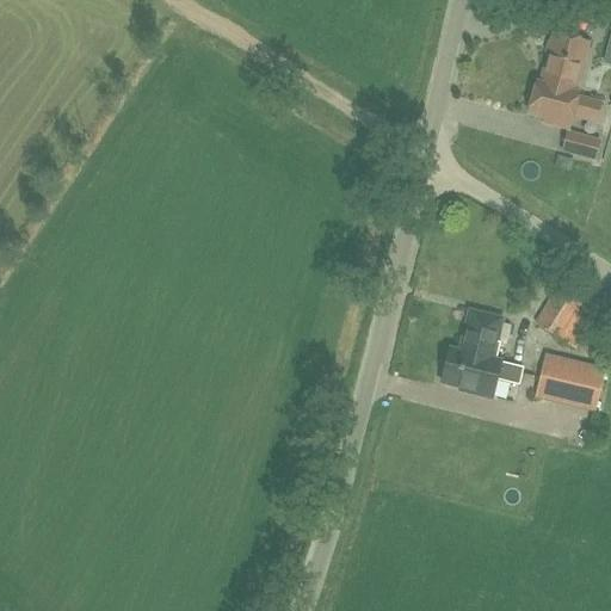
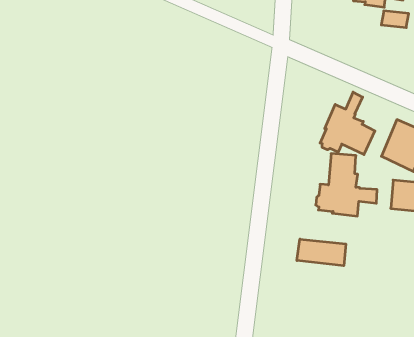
building: none -> [320,92,375,155]
building: none -> [297,239,346,266]

